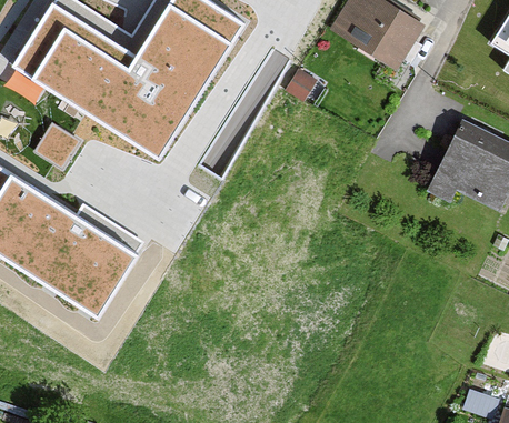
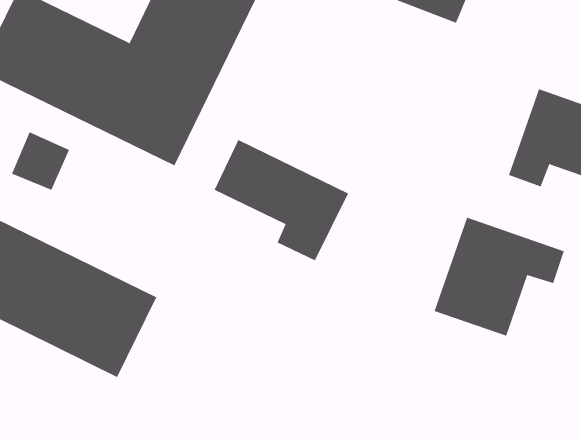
building: none -> [214,139,349,261]
building: none -> [434,217,565,337]

